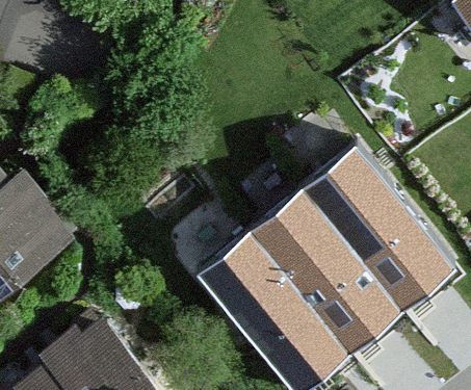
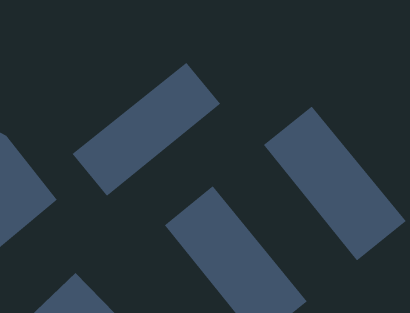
building: none -> [71,62,221,197]
building: [247,188,400,355] -> none

